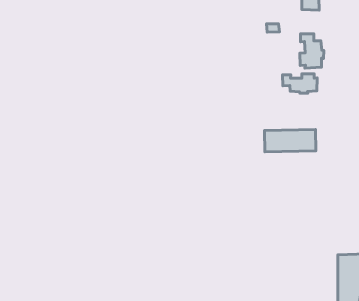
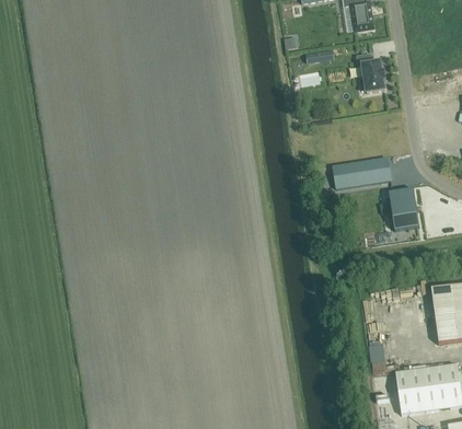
building: [283,74,317,93] -> none
building: none -> [389,187,419,229]

